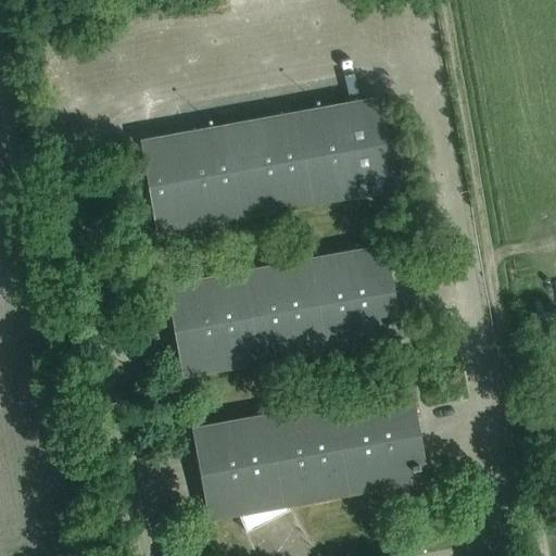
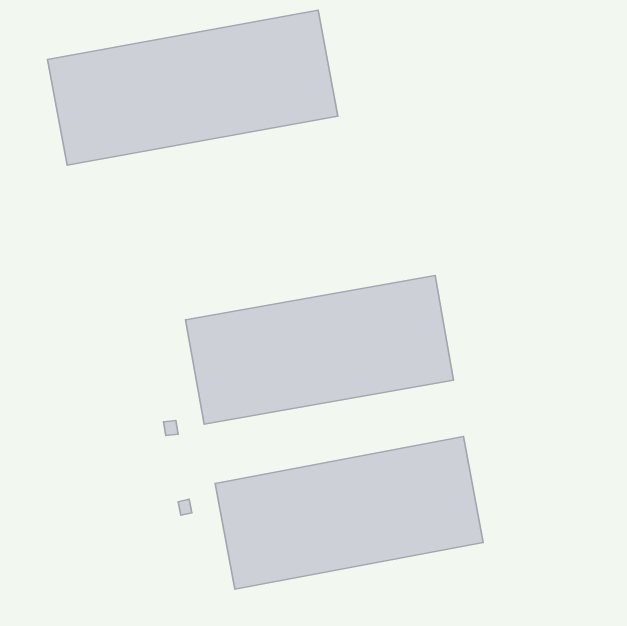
building: [139,98,395,235] -> [48,10,338,165]

